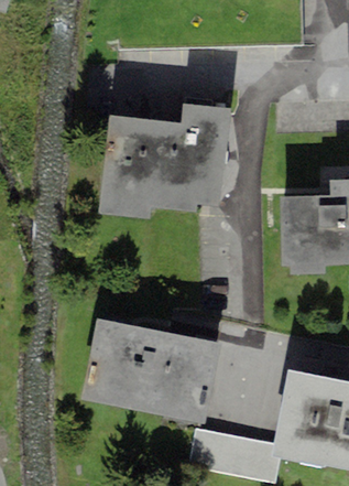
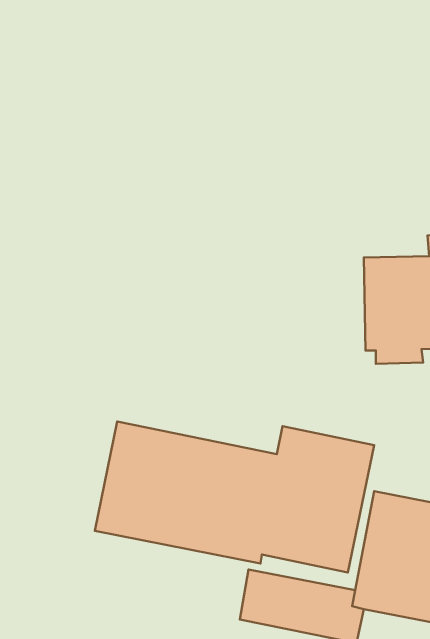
building: [97,104,231,217] -> none

